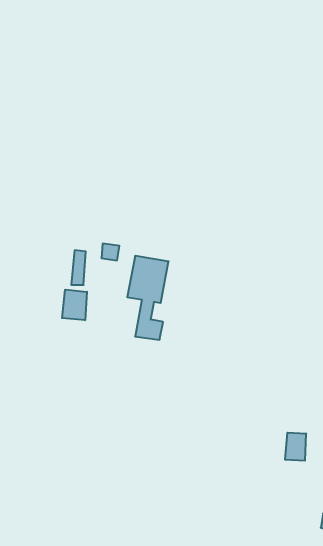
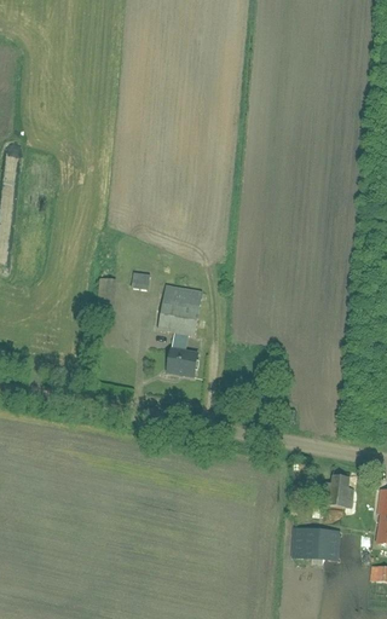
building: [62,290,87,320] -> none
building: none -> [289,527,340,560]

